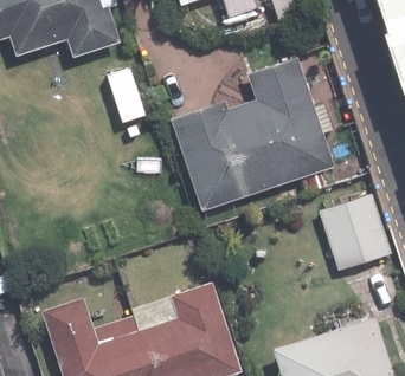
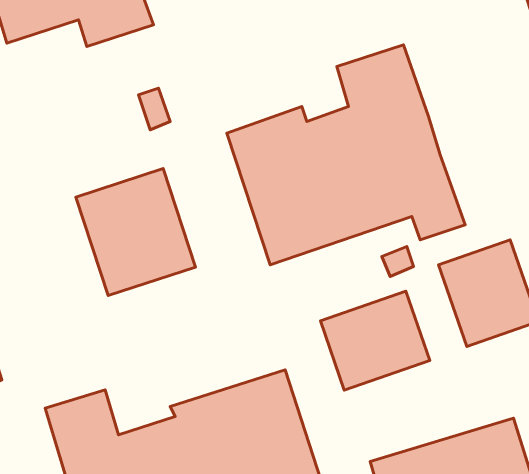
building: none -> [76,168,195,296]
building: none -> [320,291,430,390]

